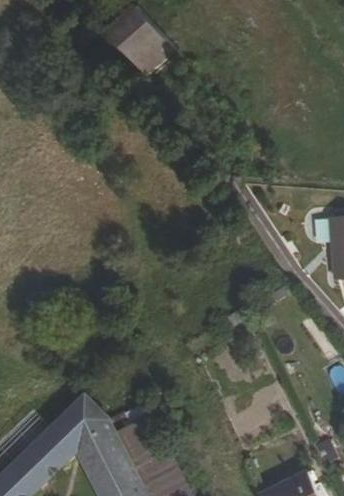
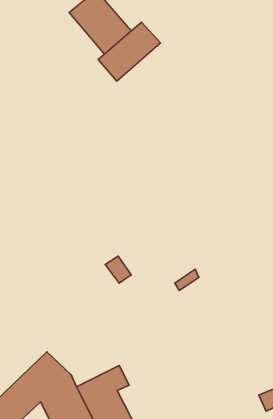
building: none -> [98,22,160,81]

